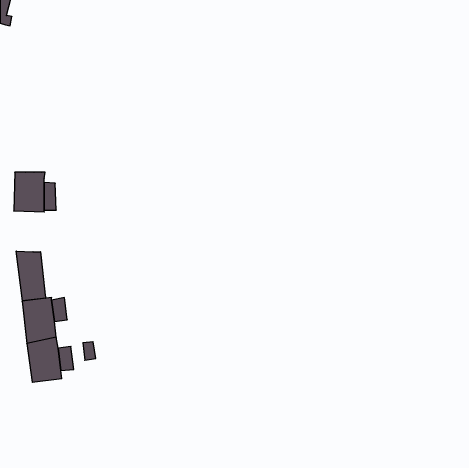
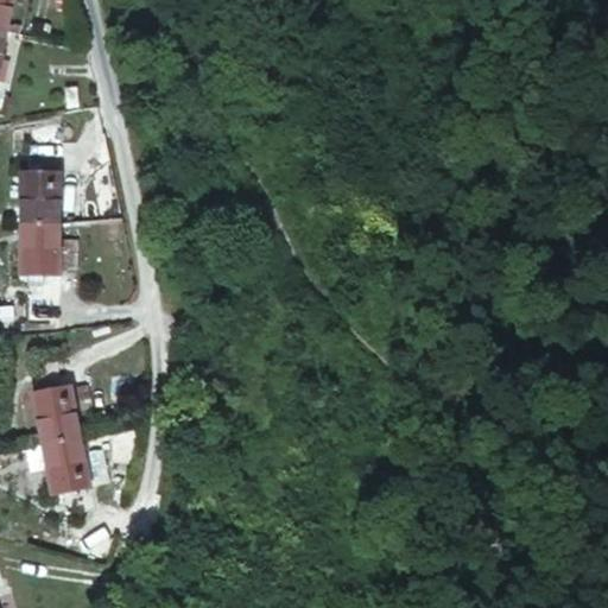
building: none -> [21,169,61,222]
building: [16,251,46,301] -> none

